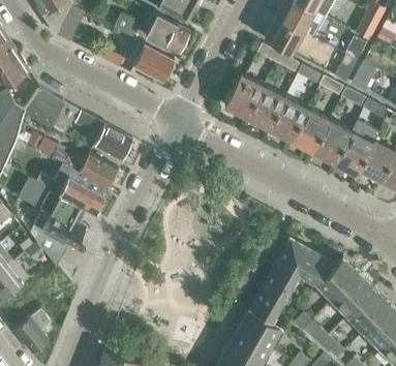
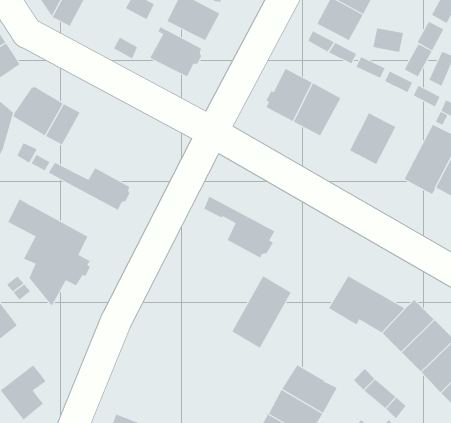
building: [268,98,306,140] -> none
building: [75,111,132,160] -> [204,196,275,258]
building: [312,121,349,162] -> none
building: [36,163,108,213] -> none
building: [249,265,297,323] -> [231,275,291,348]

